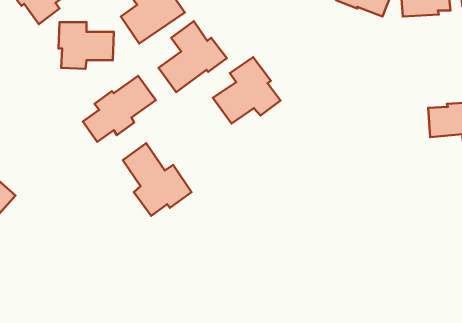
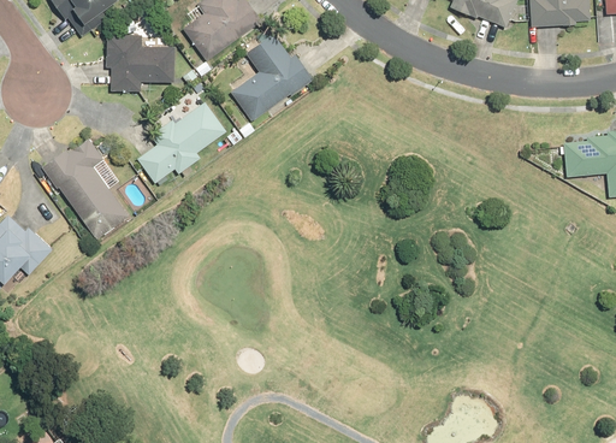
building: [213,57,281,123] -> none
building: none -> [41,138,130,240]
building: [123,143,192,216] -> none

